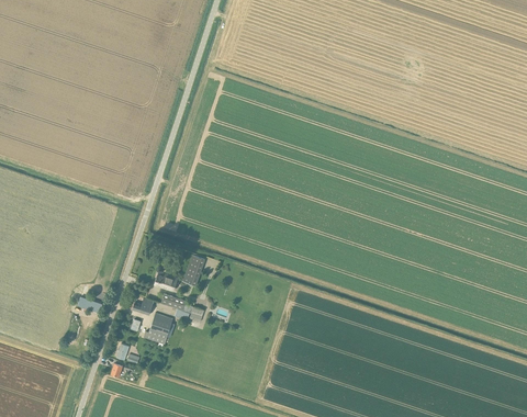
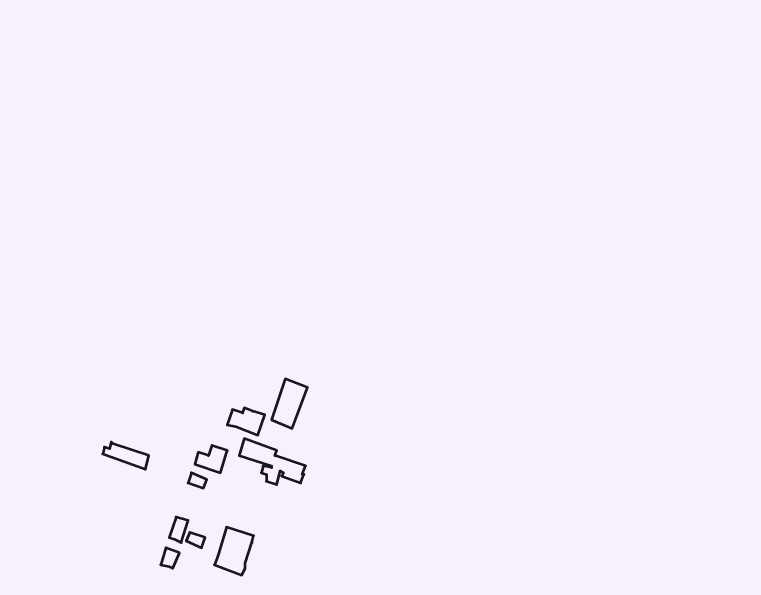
building: [147,313,172,343] -> [214,527,254,575]

